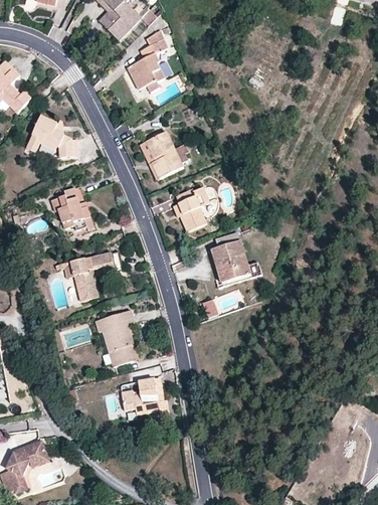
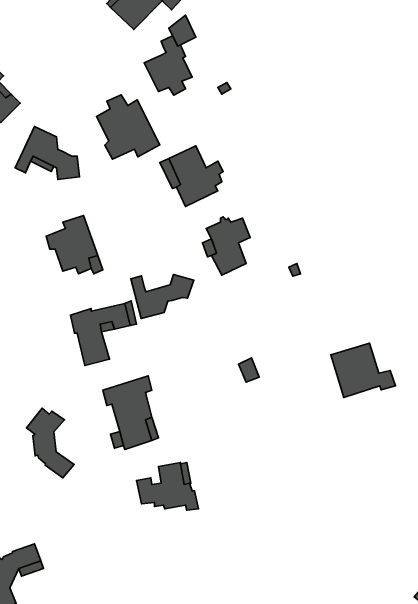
building: none -> [97,95,160,159]
building: none -> [131,275,194,319]
building: [211,240,261,283] -> [331,343,395,398]
building: none -> [26,408,74,478]

